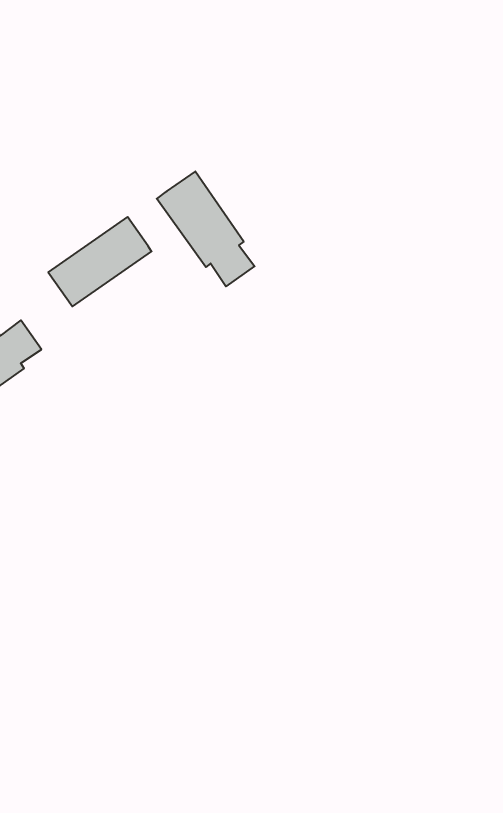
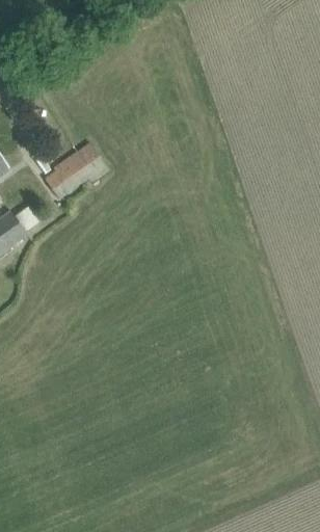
building: [157,171,255,286] -> none

